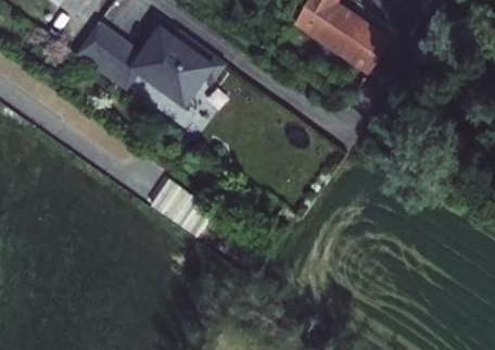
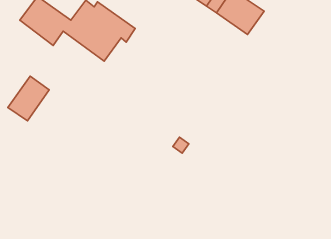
building: none -> [8,76,49,121]

